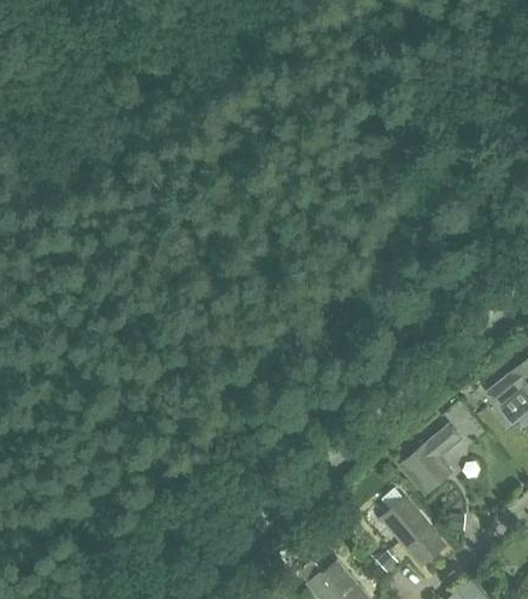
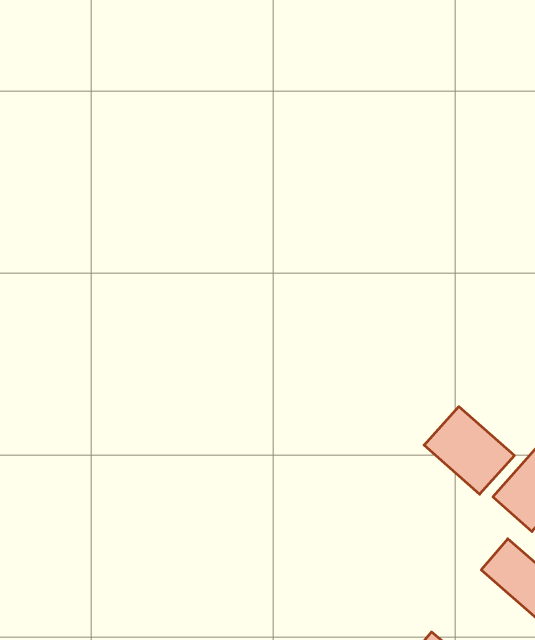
building: none -> [424,407,514,494]

